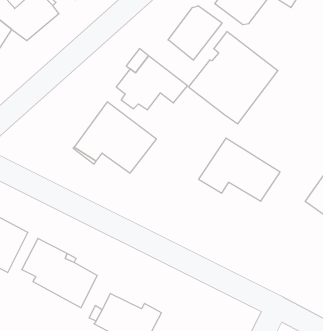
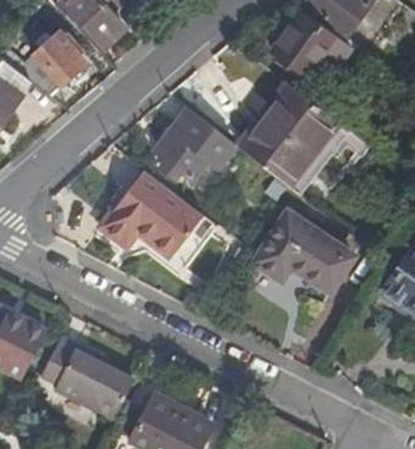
building: [168,6,222,60] -> none

